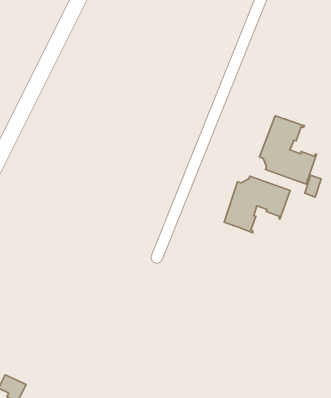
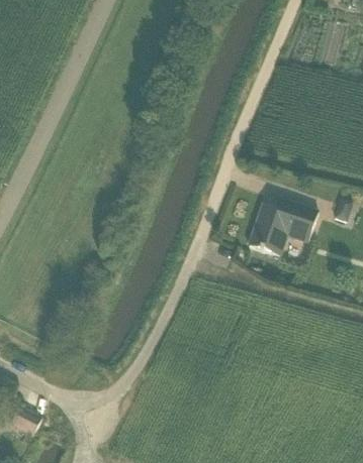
building: [259,116,317,184] -> none

